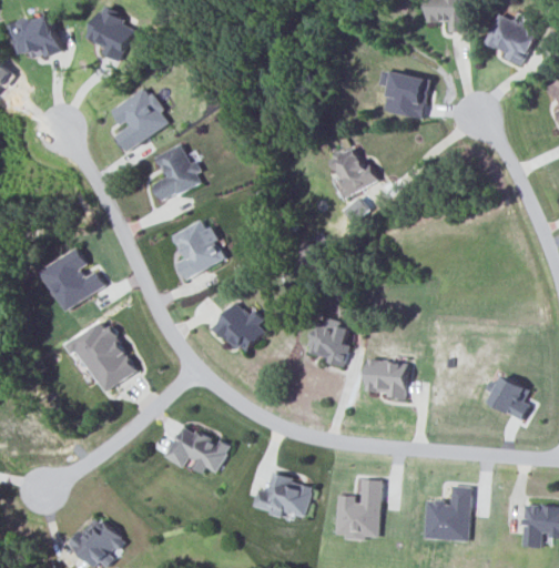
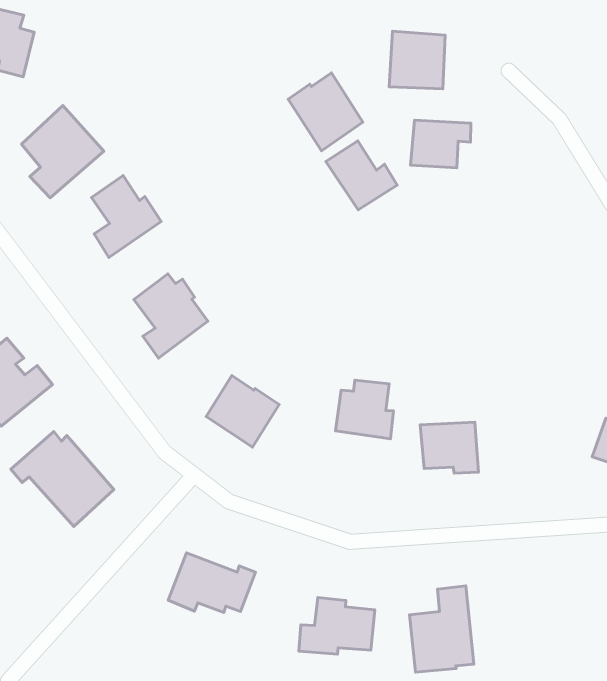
building: none -> [288,73,363,151]
building: none -> [410,120,471,168]
building: [424,487,470,542] -> none

